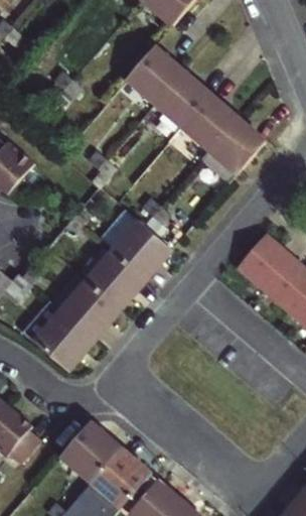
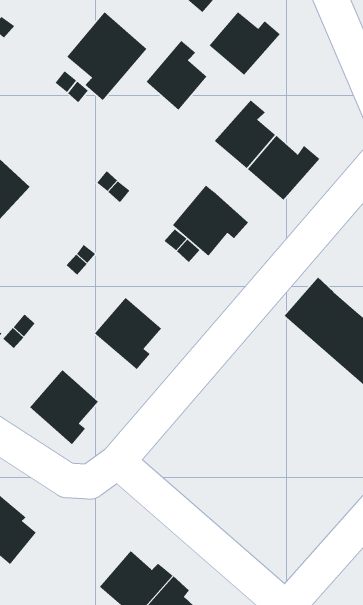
building: none -> [66,11,148,101]
building: [153,76,210,127] -> [209,11,281,76]
building: [111,219,172,276] -> [172,185,249,257]
building: [60,280,120,335] -> none
building: [59,420,115,482] -> none

